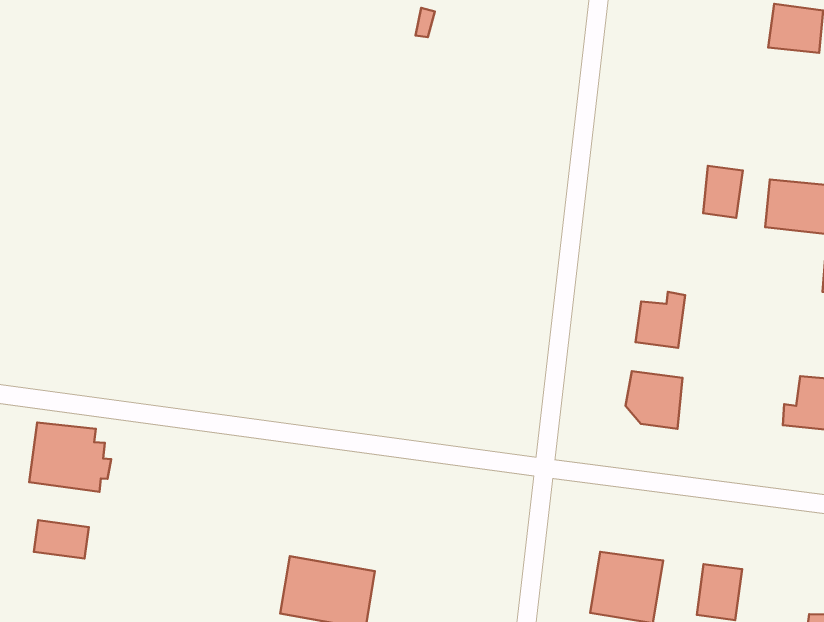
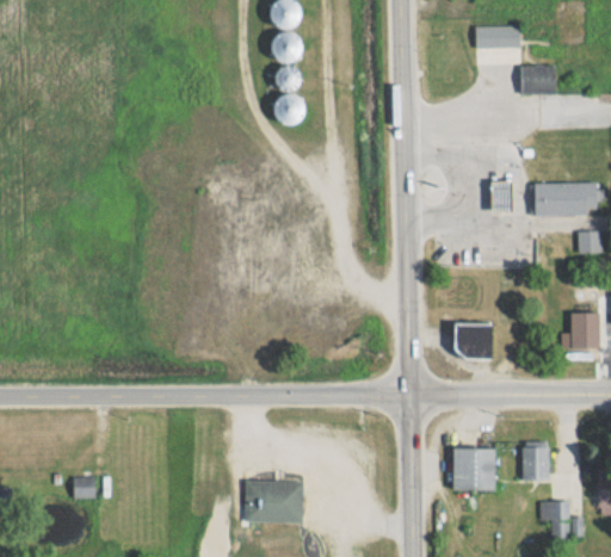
building: [635,292,685,348] -> none
building: [29,422,111,492] -> none

